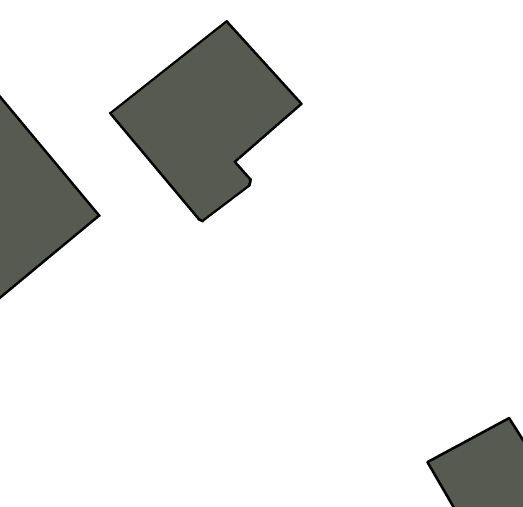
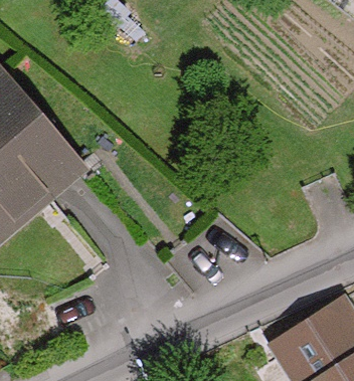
building: [110,21,301,221] -> none

